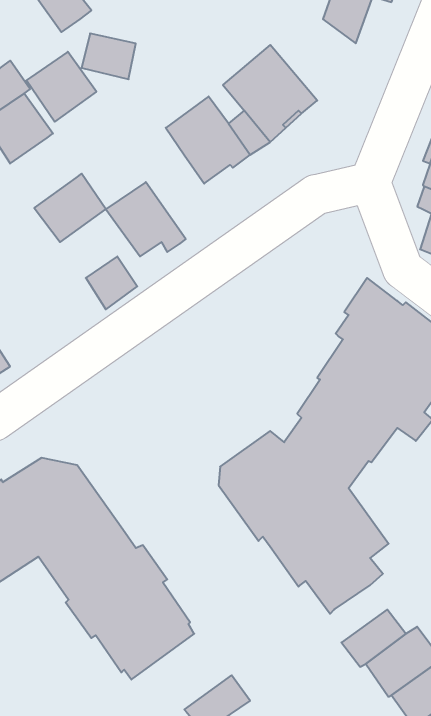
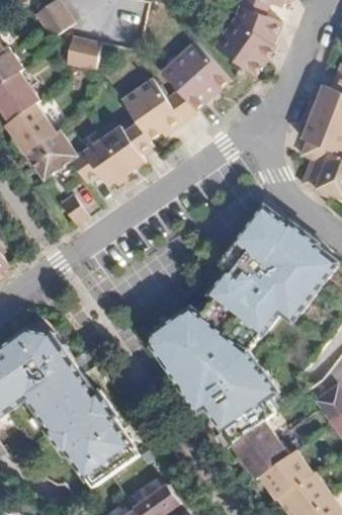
building: none -> [210,20,269,77]
building: [26,52,96,122] -> [5,104,55,154]
building: none -> [104,116,155,176]
building: none -> [231,421,275,461]

